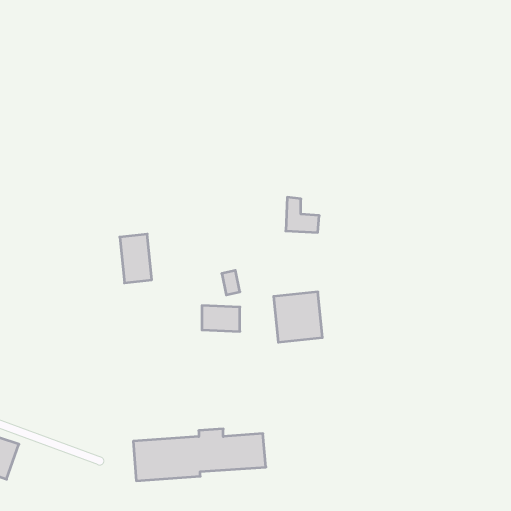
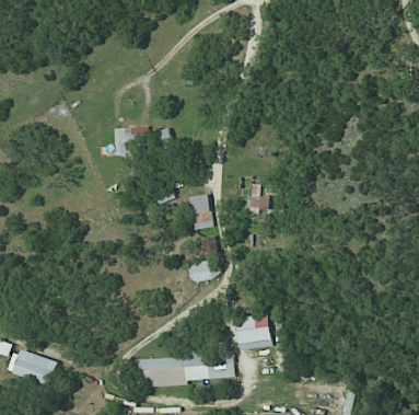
building: [120,234,152,283] -> [188,195,211,230]
building: [274,292,322,342] -> [235,314,270,350]

